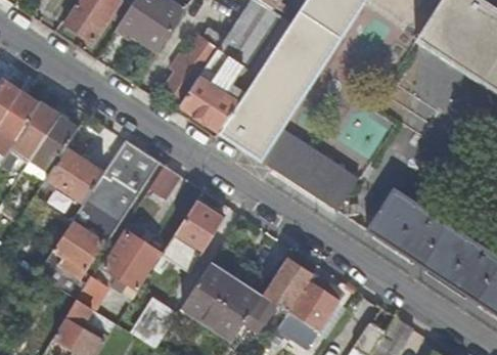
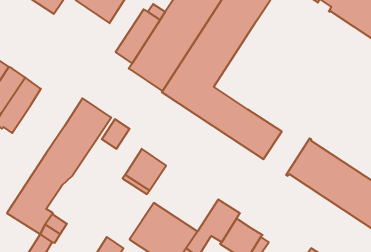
building: [45,147,105,205] -> none
building: [104,231,162,298] -> none

